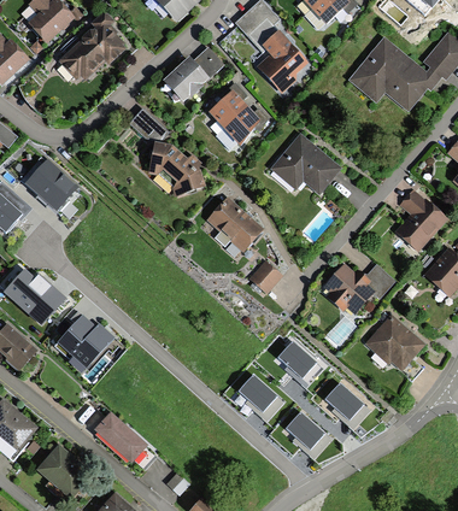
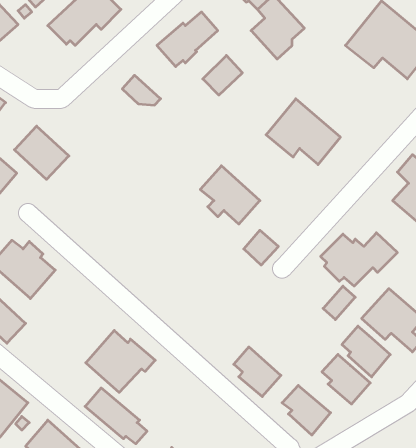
building: [224,106,266,146] -> none
building: [148,141,205,196] -> none
building: [54,313,122,374] -> [86,330,155,392]
building: [277,339,324,388] -> [342,326,390,377]

